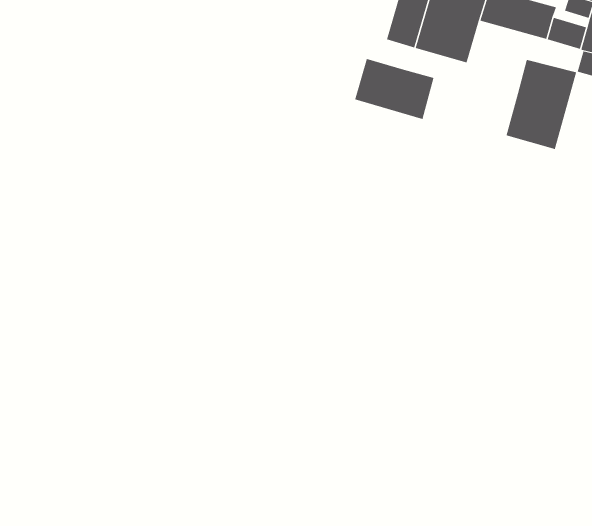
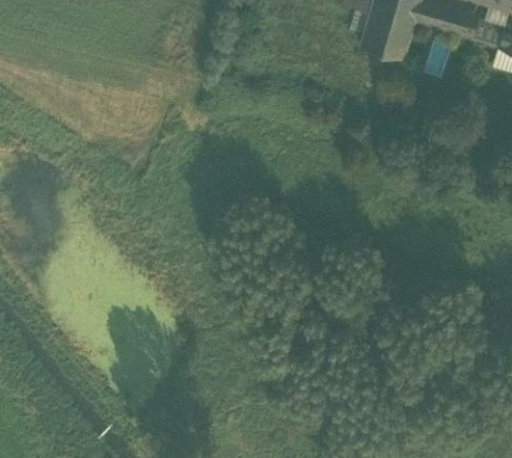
building: [354,58,434,120] -> none
building: [506,59,577,150] -> none

